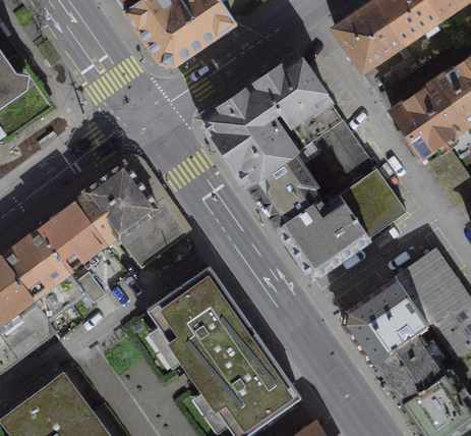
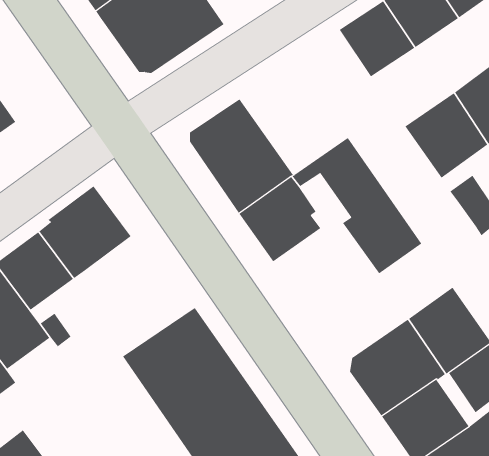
building: [249,53,343,152] -> none
building: [278,194,369,277] -> none
building: [116,201,187,267] -> none

